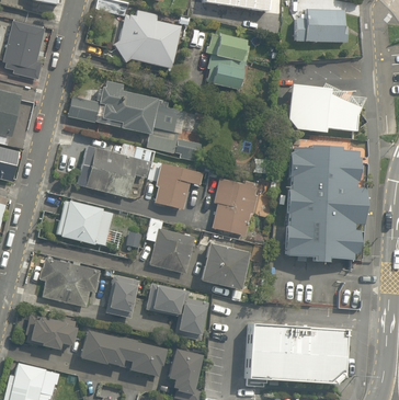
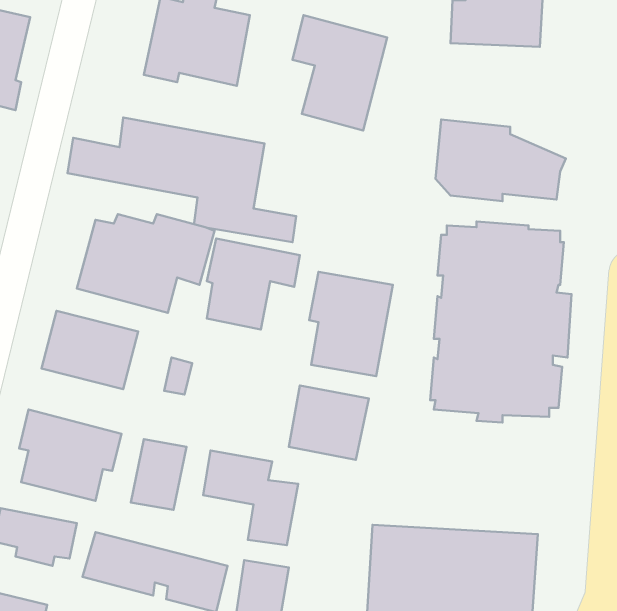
building: [148,217,194,271] -> none

